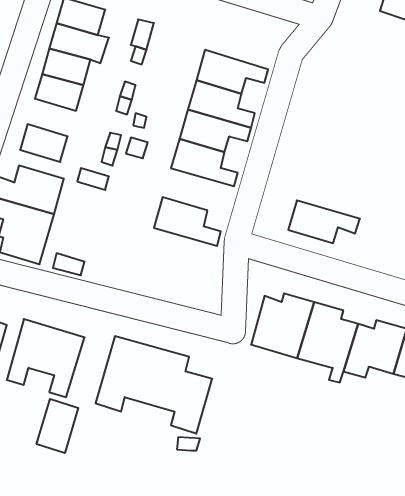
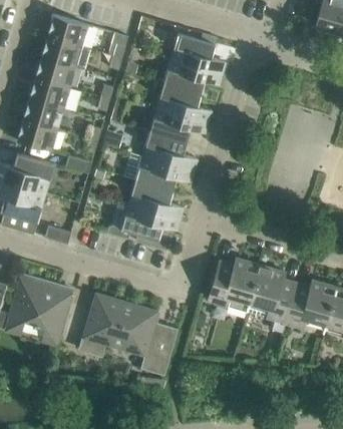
building: none -> [170,33,226,73]
building: none -> [24,97,64,128]
building: [288,200,360,243] -> [135,154,195,189]
building: none -> [106,203,181,249]
building: [37,399,78,453] -> none

